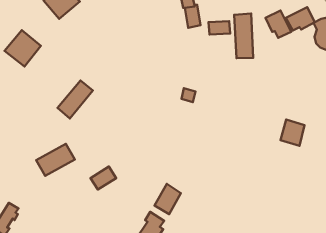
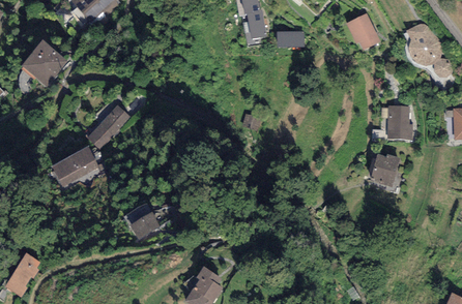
building: [286,7,315,31] -> none
building: [234,14,253,58] -> none
building: none -> [384,109,412,138]
building: [36,144,75,176] -> [51,146,99,186]
building: [154,184,181,214] -> none

